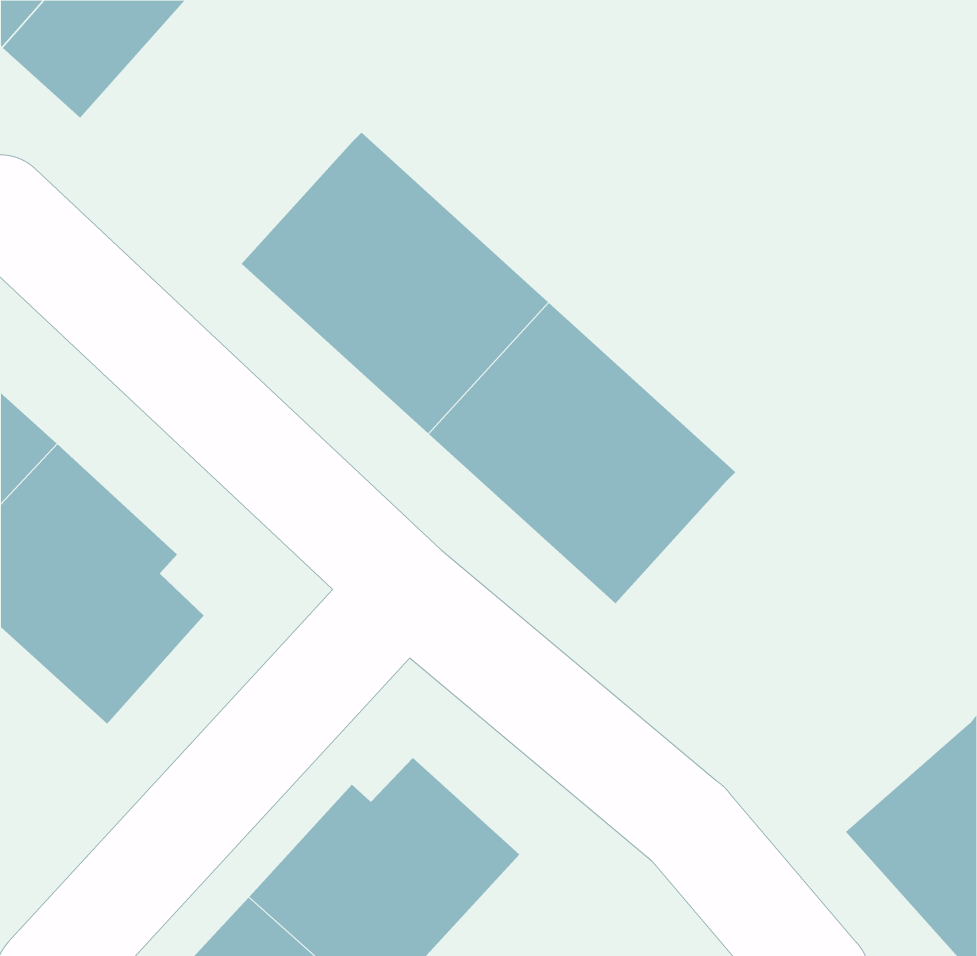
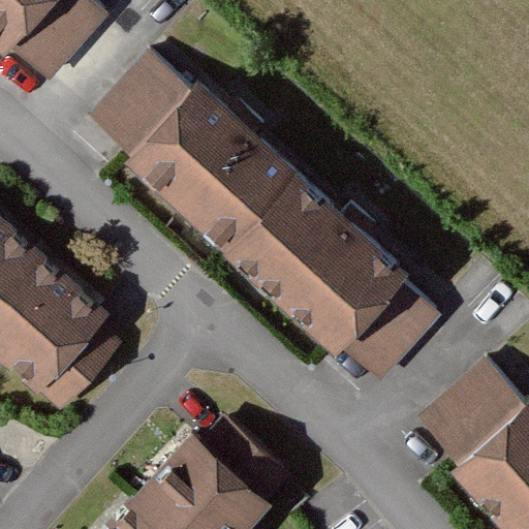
building: none -> [89,51,190,154]
building: none -> [333,272,435,376]
building: none -> [419,360,524,461]

